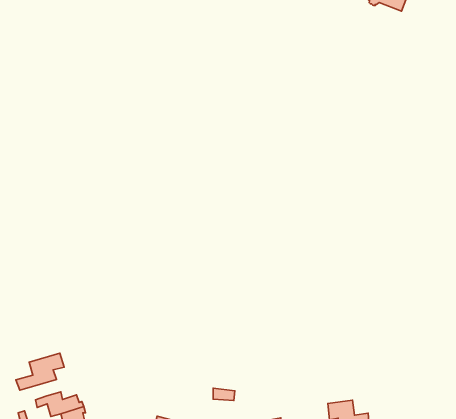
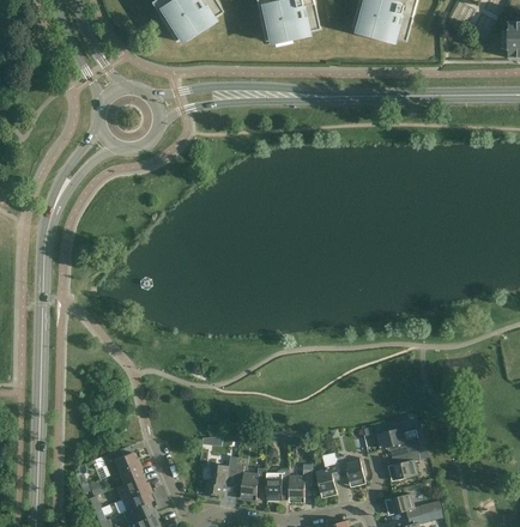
building: [16,353,64,390] -> none

